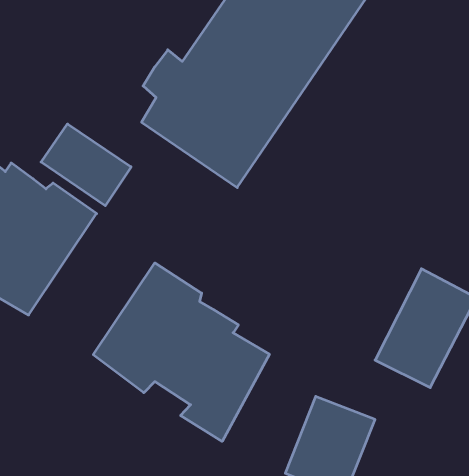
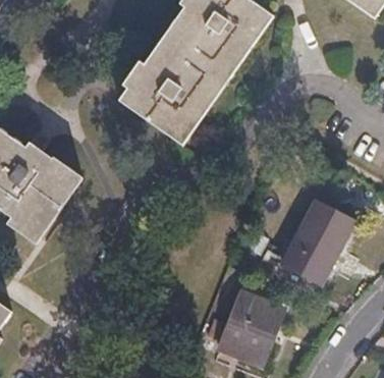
building: [41,124,131,206] -> none
building: [93,263,269,441] -> none

